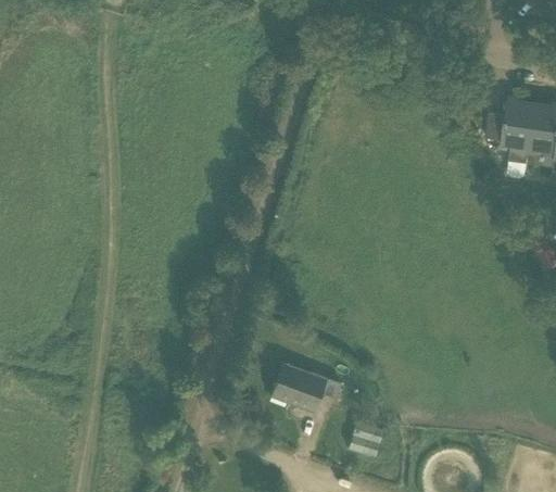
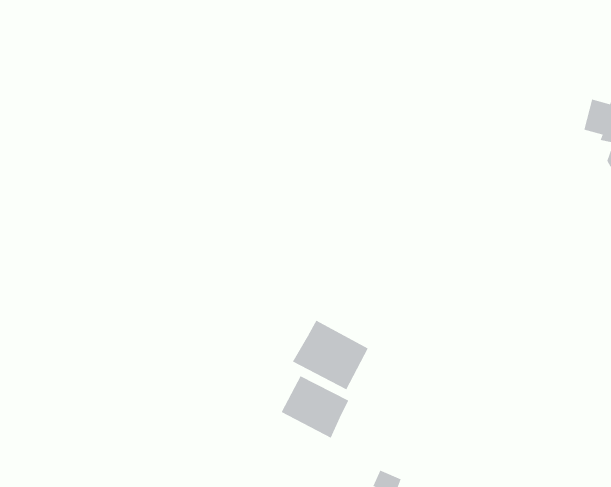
building: none -> [292,320,368,390]

